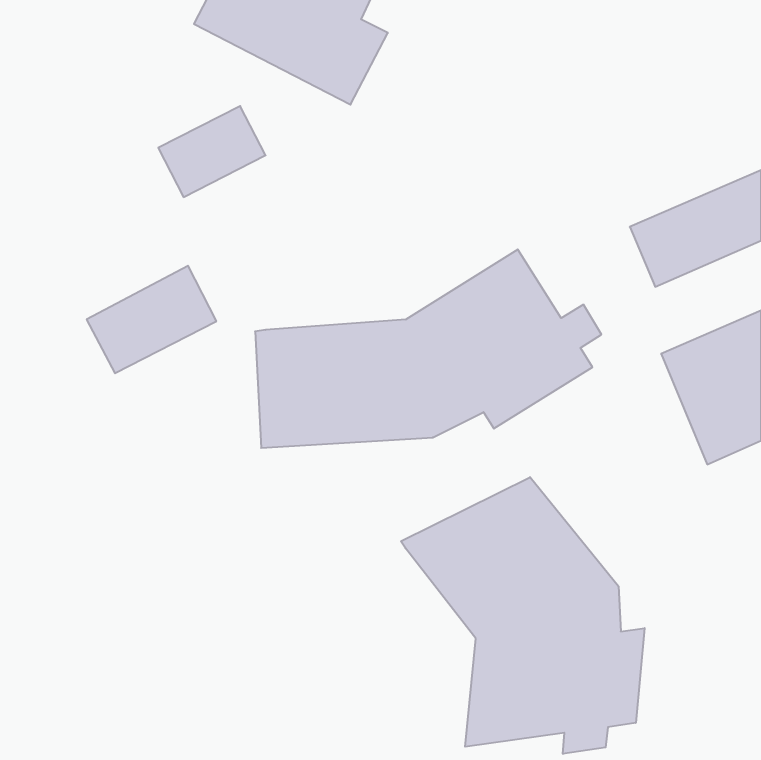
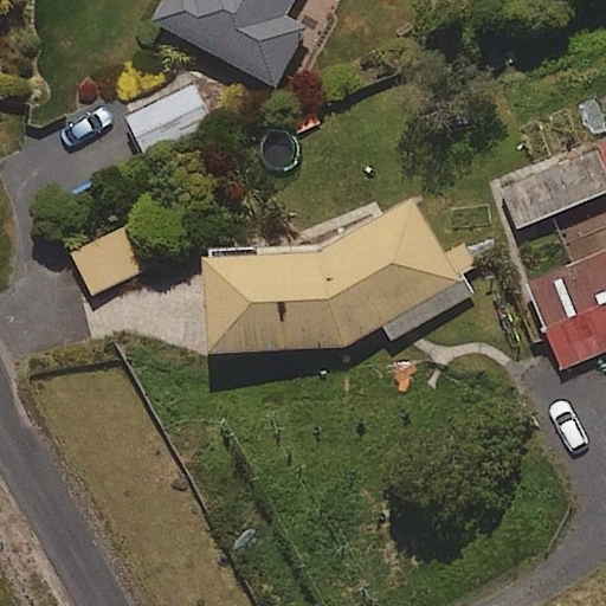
building: [401,477,645,754] -> none

